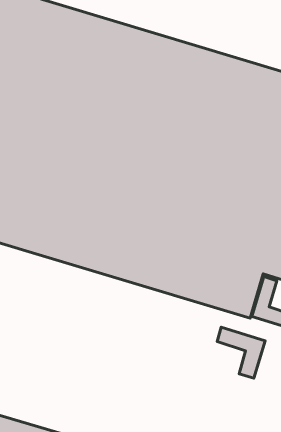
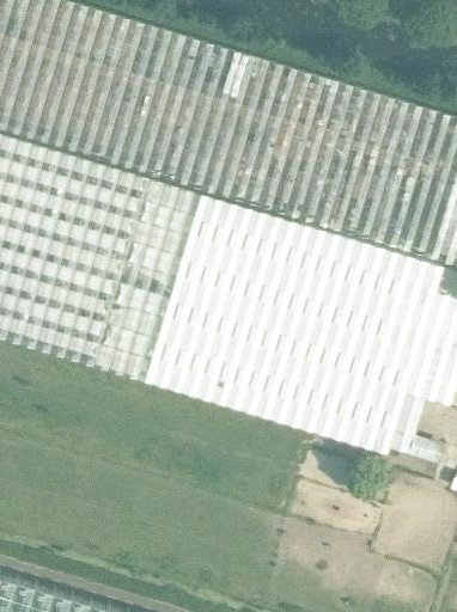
building: [217,327,265,378] -> none

